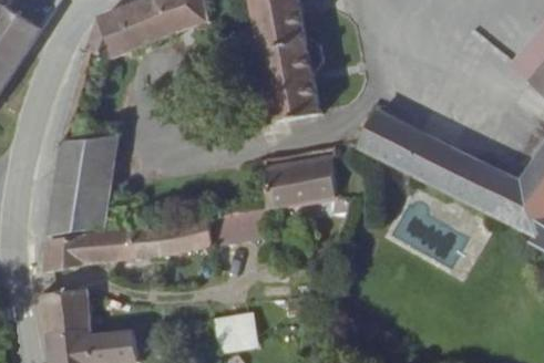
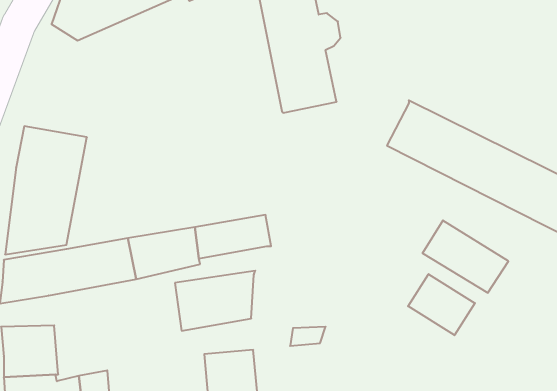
building: [268,153,333,201] -> [175,271,255,331]
building: none -> [408,274,475,335]

